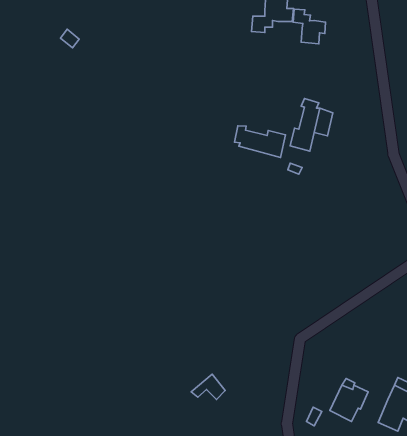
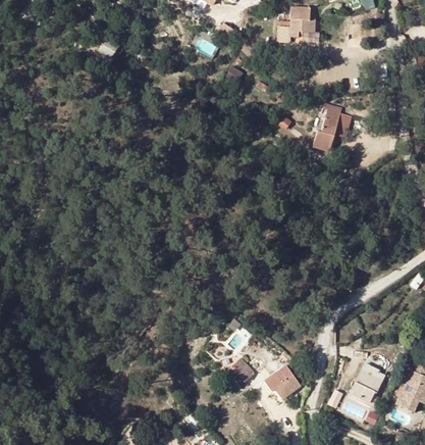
building: [293,9,326,44] -> none
building: [235,126,286,157] -> none
building: none -> [265,366,300,399]

